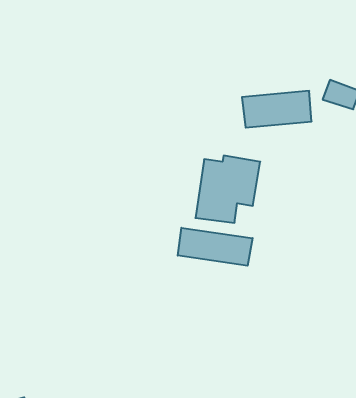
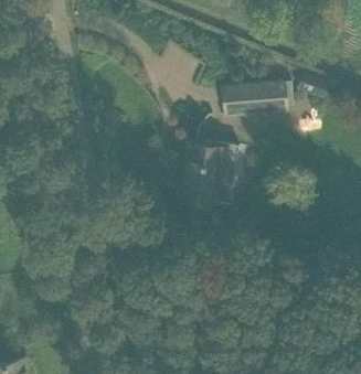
building: [178,228,253,266] -> none

